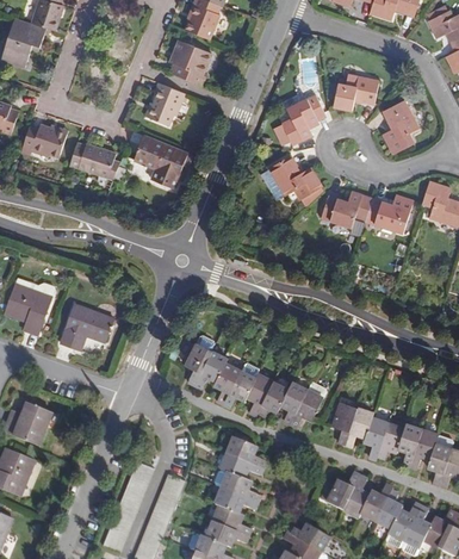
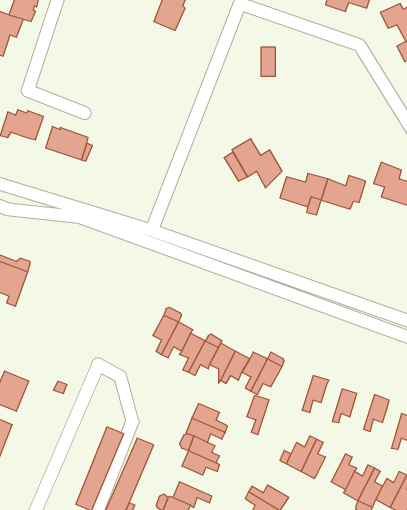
building: [170,39,211,86] -> none
building: [334,74,379,110] -> none
building: [148,82,187,125] -> none
building: [281,95,325,144] -> none
building: [383,100,418,154] -> none
building: [135,135,187,188] -> none
building: [61,304,118,350] -> none
building: [333,403,356,445] -> [247,395,269,435]
building: [364,417,387,459] -> none
building: [397,423,422,465] -> none
building: [427,443,451,485] -> none
building: [360,484,392,521] -> none
building: [213,505,252,536] -> none

